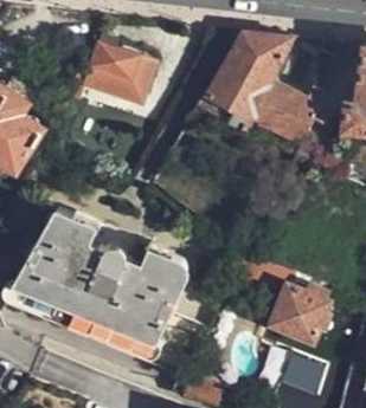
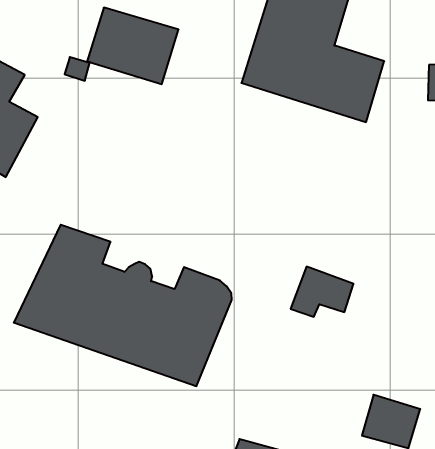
building: [271,287,329,345] -> none

